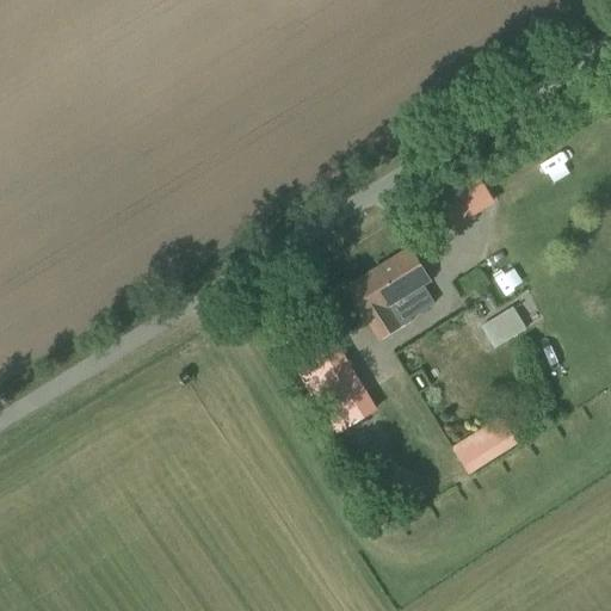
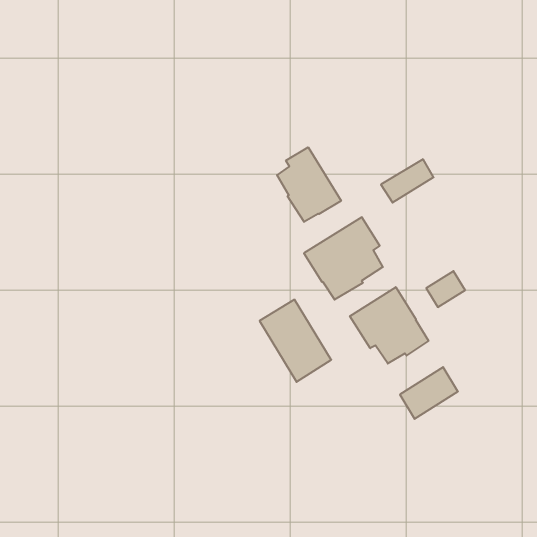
building: none -> [277,147,341,222]
building: none -> [350,287,428,364]

